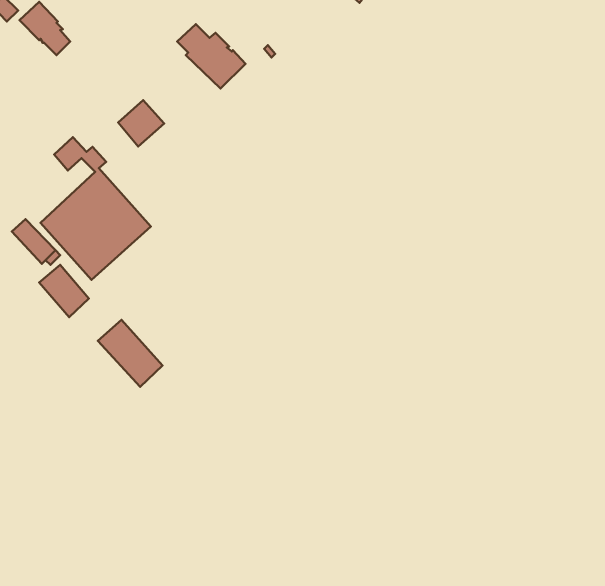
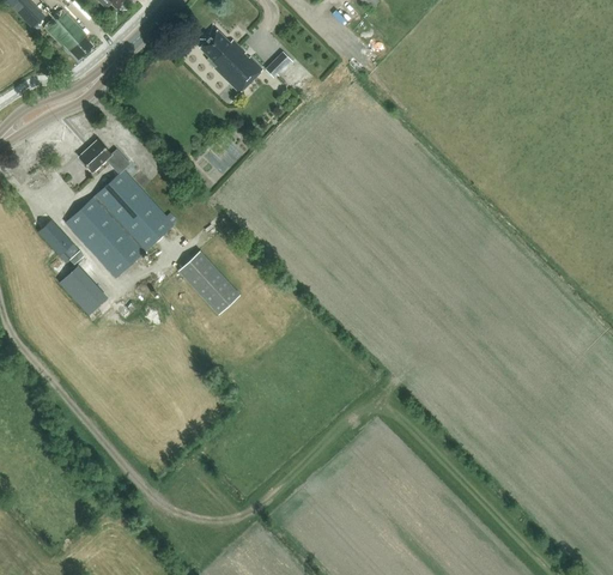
building: [118,100,164,147] -> none
building: [98,320,162,387] -> [177,250,239,315]

